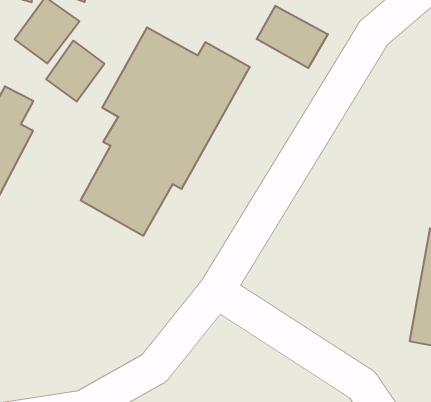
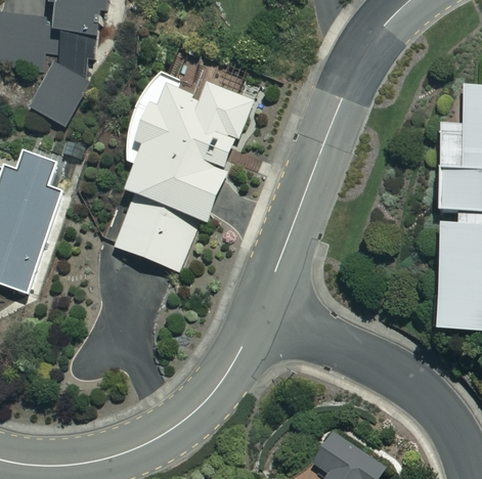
building: [257,6,328,68] -> none
building: [46,41,104,102] -> none

